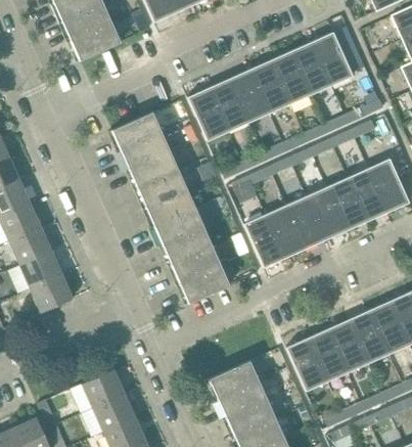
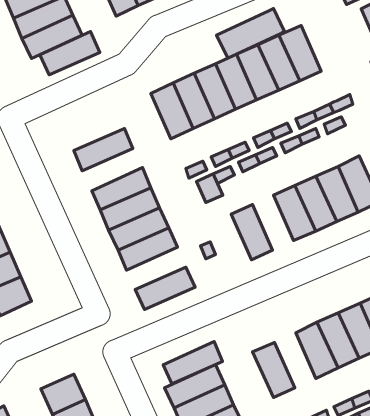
building: none -> [216,9,284,58]
building: [104,110,163,152] -> [40,31,100,75]
building: [122,150,180,191] -> none
building: [286,195,326,249] -> none
building: [244,214,285,267] -> none
building: [165,245,222,286] -> [163,341,222,384]
building: [308,328,348,382] -> none

